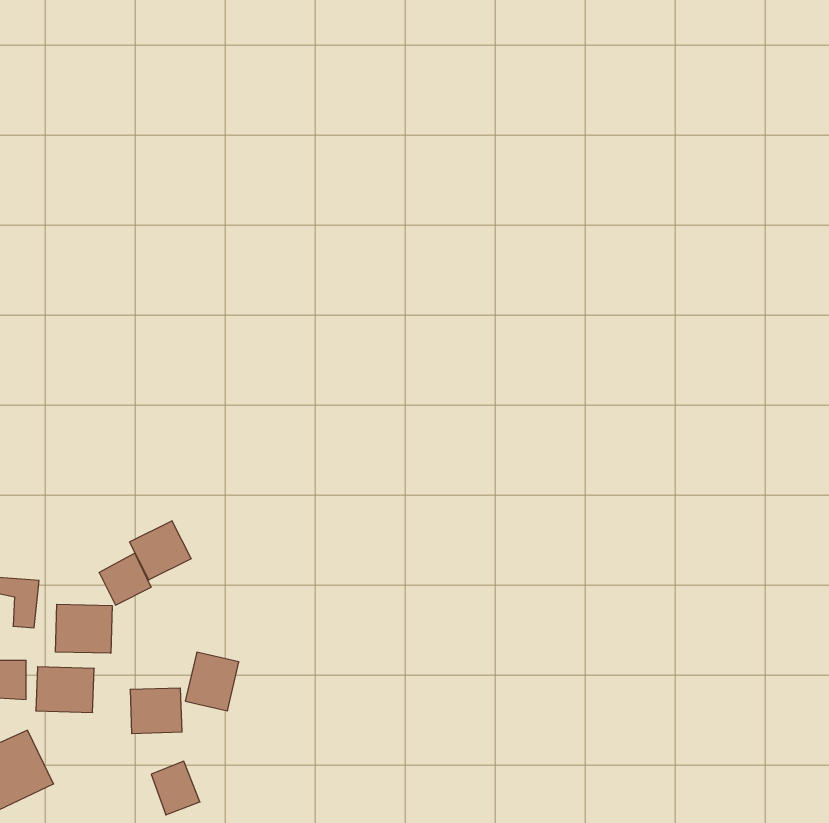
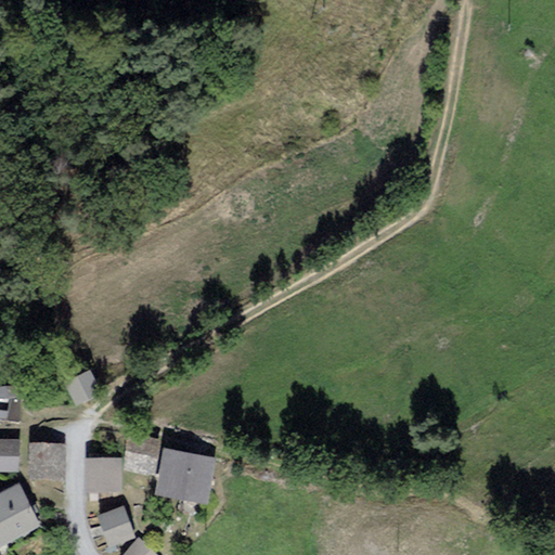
building: [130,521,191,580] -> none
building: [56,604,112,653] -> none
building: none -> [158,450,212,498]

